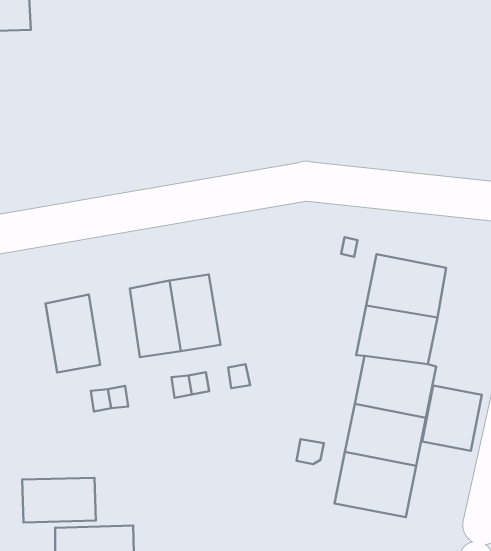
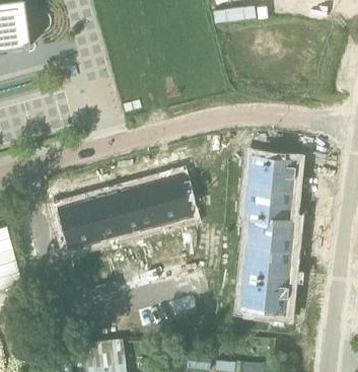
building: none -> [152,174,190,224]
building: none -> [81,196,116,243]
building: [422,386,482,451] -> none
building: [22,478,96,522] -> none

